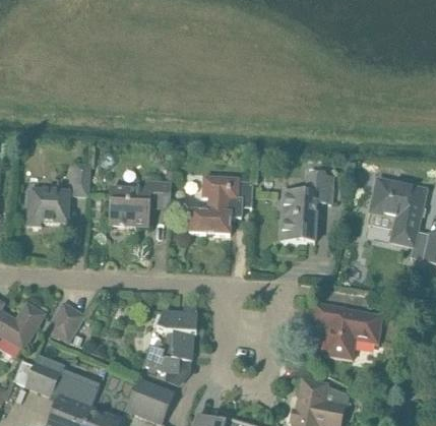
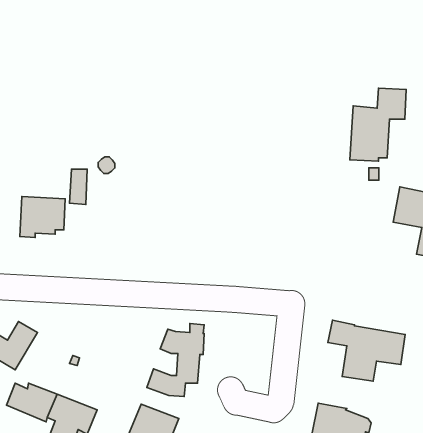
building: [281,174,332,241] -> [350,88,406,161]
building: [189,177,253,234] -> none
building: [109,181,172,227] -> none
building: [47,303,83,342] -> none

